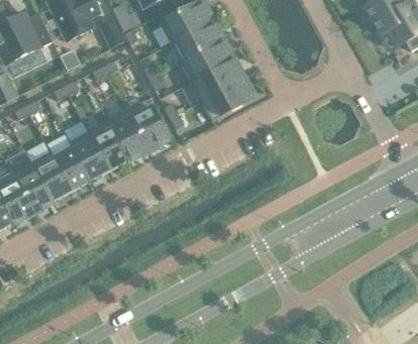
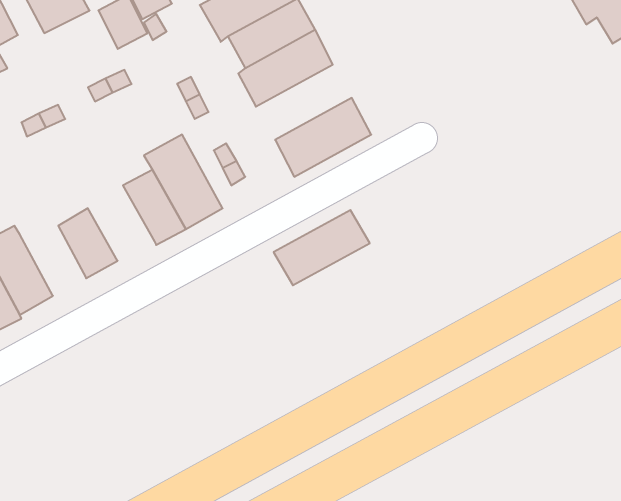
building: [189,58,244,101] -> [274,210,370,285]
building: [87,118,130,170] -> none
building: [53,144,91,191] -> none

